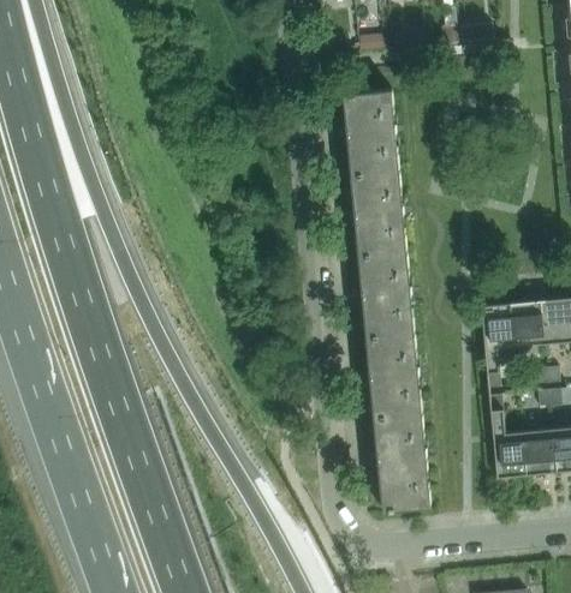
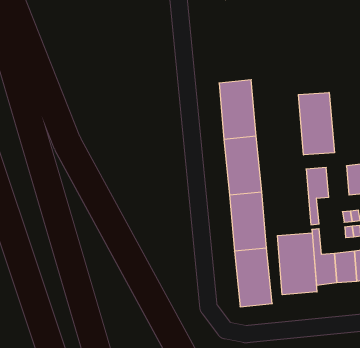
building: [343,89,399,176] -> none
building: none -> [298,92,334,155]
building: [511,300,545,347] -> none
building: none -> [277,233,317,295]

